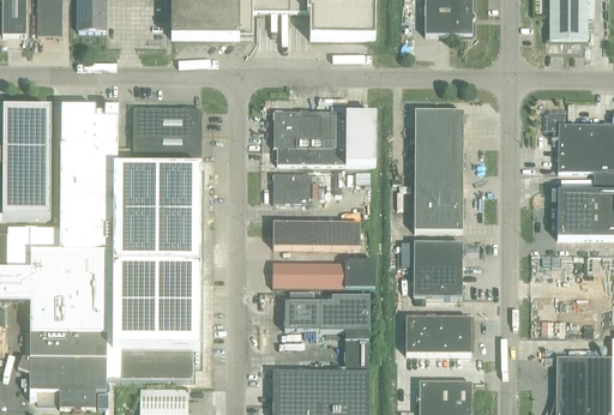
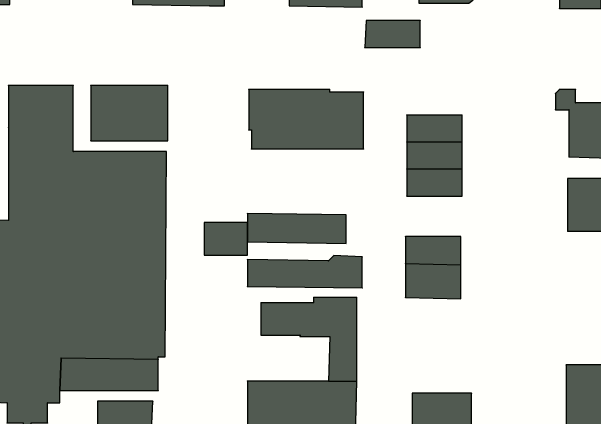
building: [414,109,463,133] -> [365,21,420,48]
building: [273,173,312,202] -> [204,223,247,255]
building: [414,205,463,230] -> none
building: [405,315,471,353] -> none

